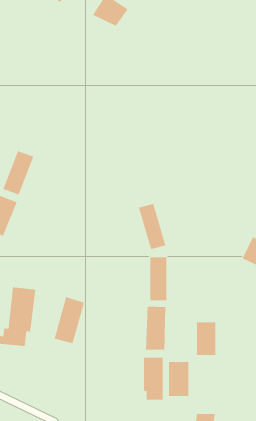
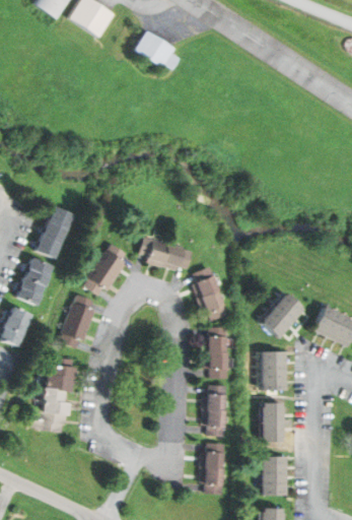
building: none -> [139,239,191,271]
building: none -> [84,244,128,295]
building: none -> [261,292,305,337]
building: none -> [260,350,285,391]
building: [54,296,85,344] -> [59,295,94,349]
building: [168,361,189,397] -> [261,456,285,497]

